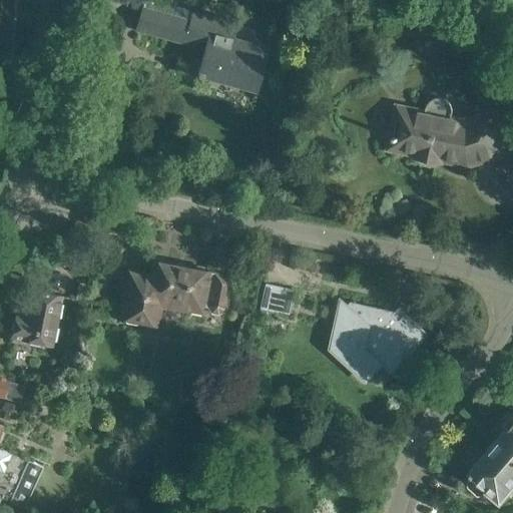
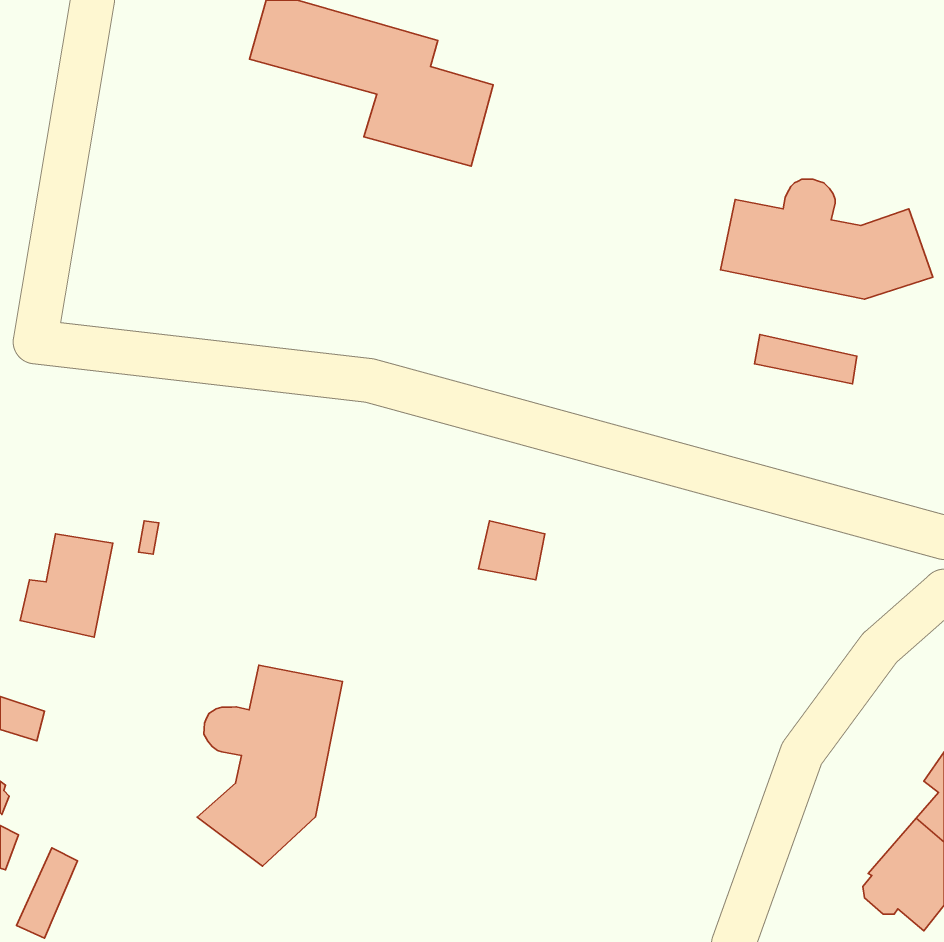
building: none -> [754,335,857,384]
building: [116,261,231,328] -> none
building: [336,303,429,377] -> none
building: none -> [197,665,343,866]

